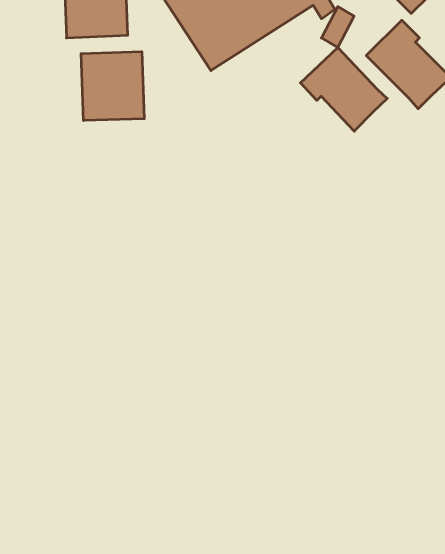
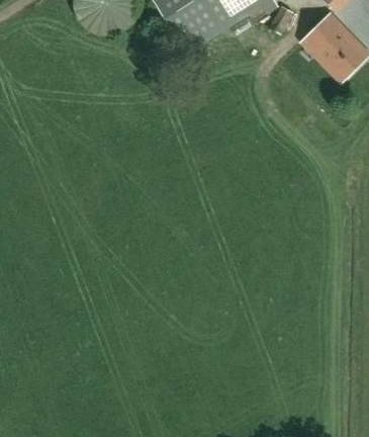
building: [300,47,387,131] -> none
building: [81,52,144,121] -> none

